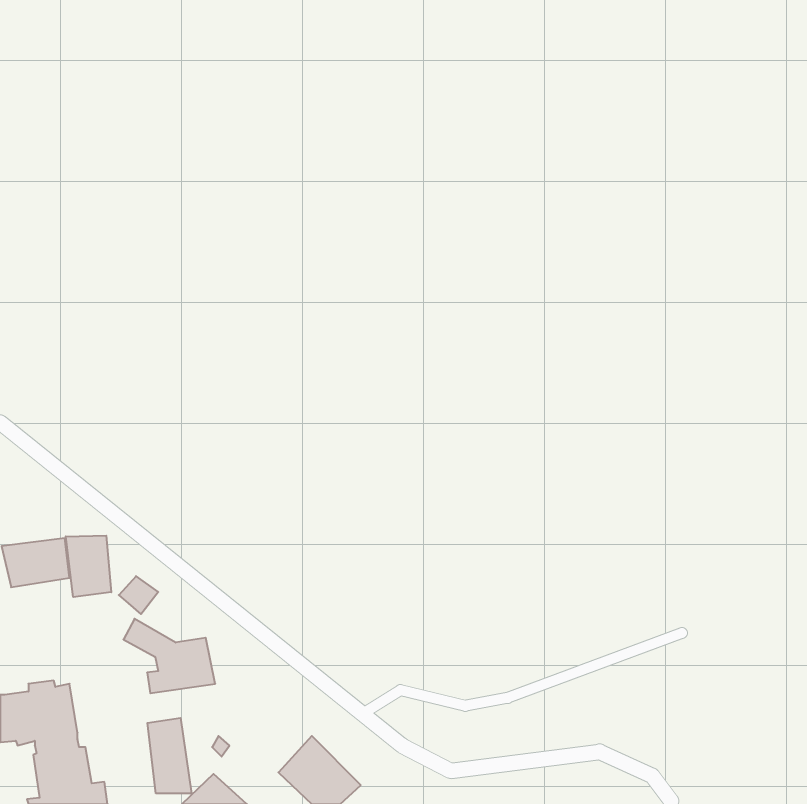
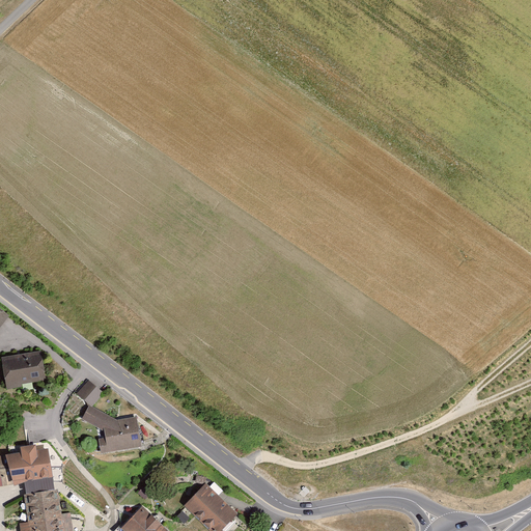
building: [66,536,111,597] -> none
building: [147,718,192,793] -> none

